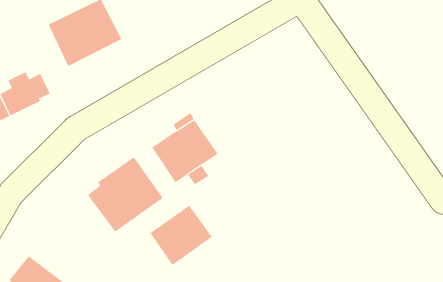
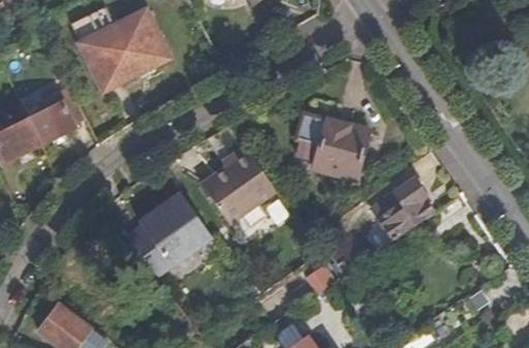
building: none -> [295,112,368,178]
building: none -> [371,180,433,240]
building: [149,205,213,266] -> none

